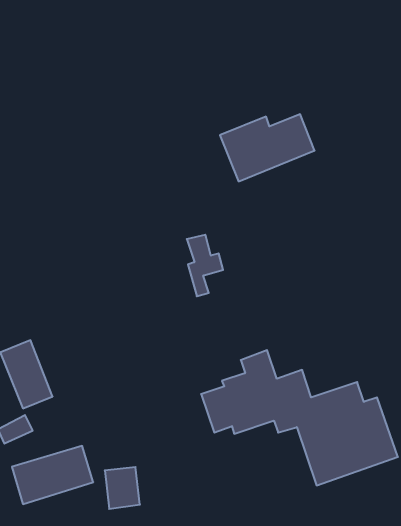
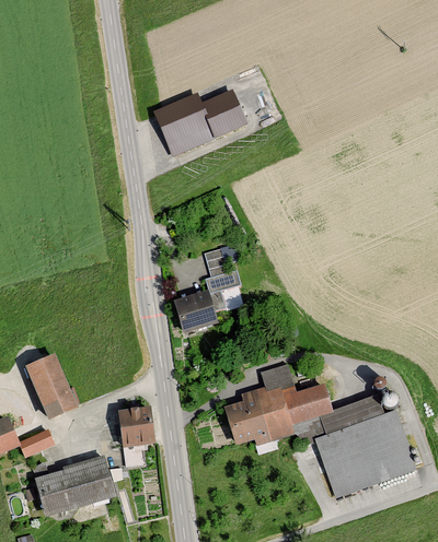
building: [220,114,315,181] -> [153,89,247,155]
building: none -> [174,290,218,333]
building: [105,467,140,509] -> [116,405,151,447]

